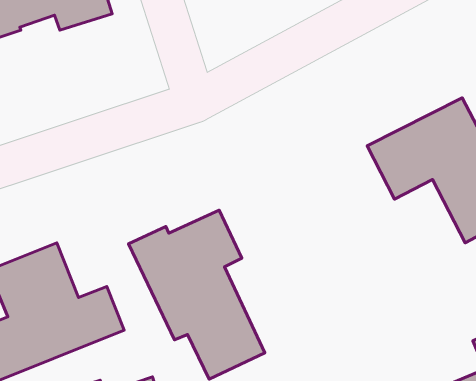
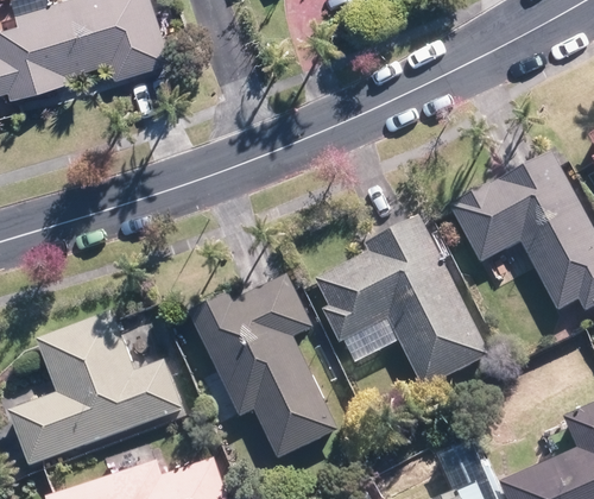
building: none -> [315,216,489,389]

